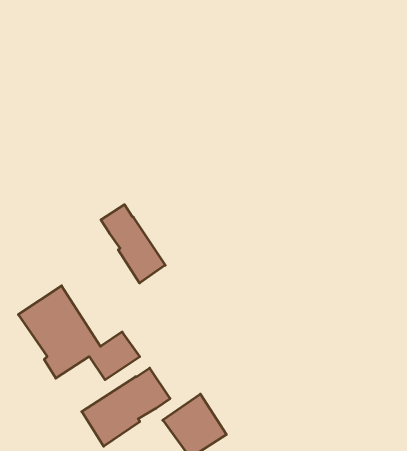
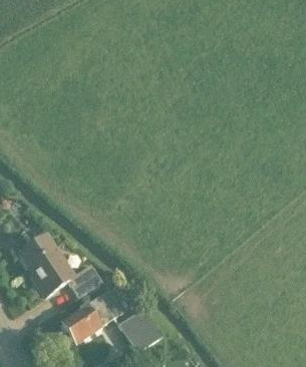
building: [101,205,165,283] -> none

